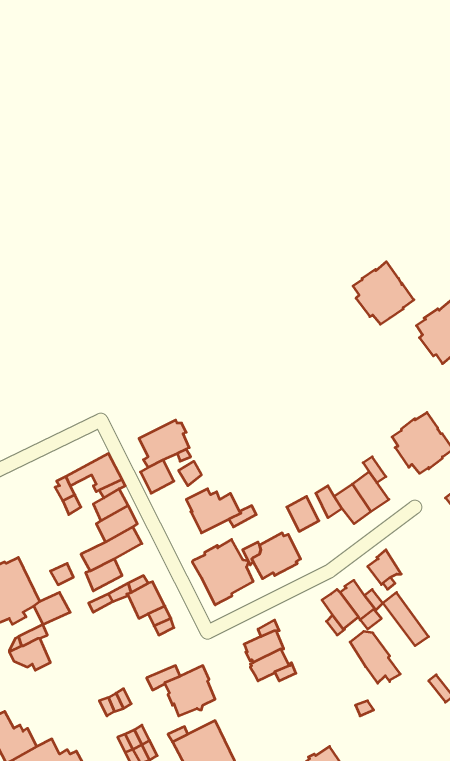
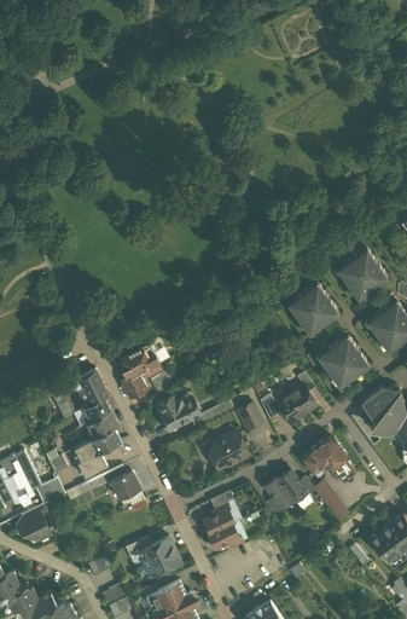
building: [353,262,414,324] -> [290,283,338,332]
building: [192,539,253,605] -> none
building: [350,631,400,683] -> [315,436,355,478]

